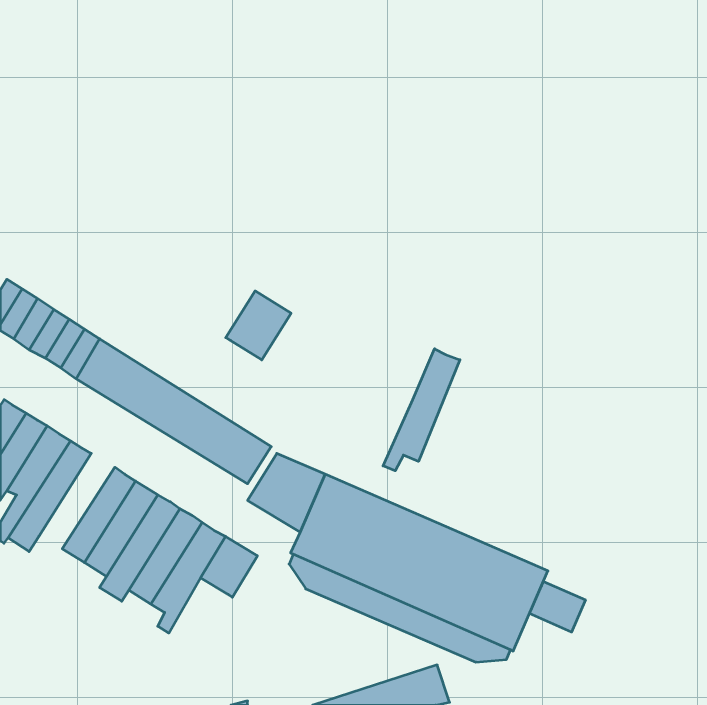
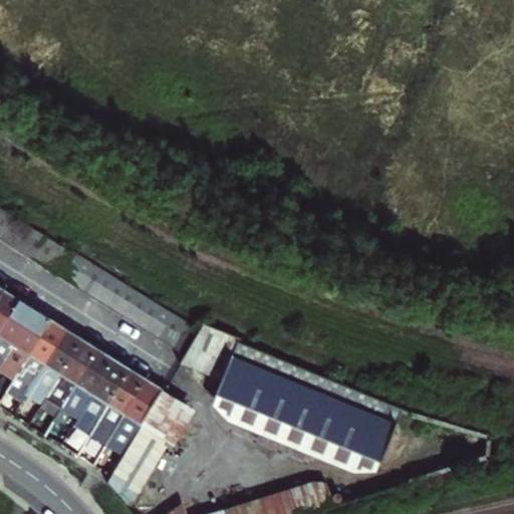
building: [226,291,291,360] -> none
building: [383,349,460,471] -> none
building: none -> [28,329,83,401]
building: none -> [108,420,166,502]
building: [529,581,585,632] -> none

